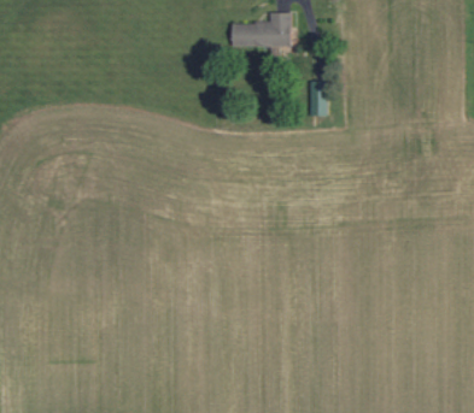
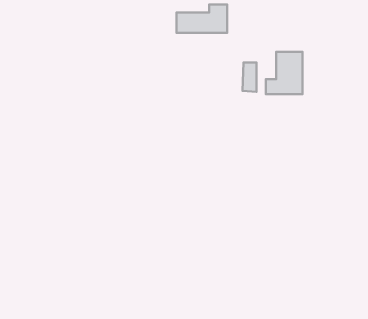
building: none -> [266,52,303,94]

